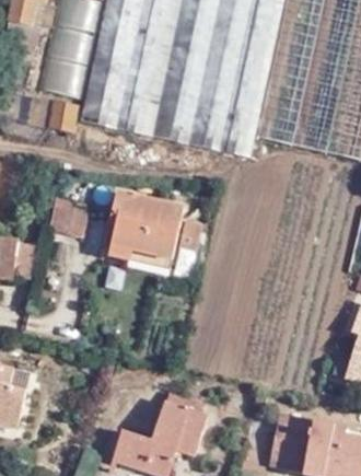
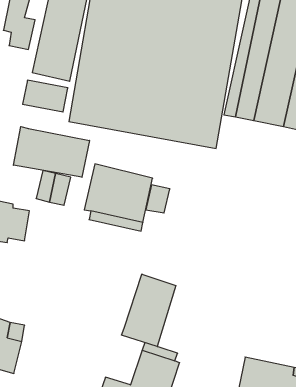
building: none -> [13,127,89,177]
building: none -> [121,274,176,347]

